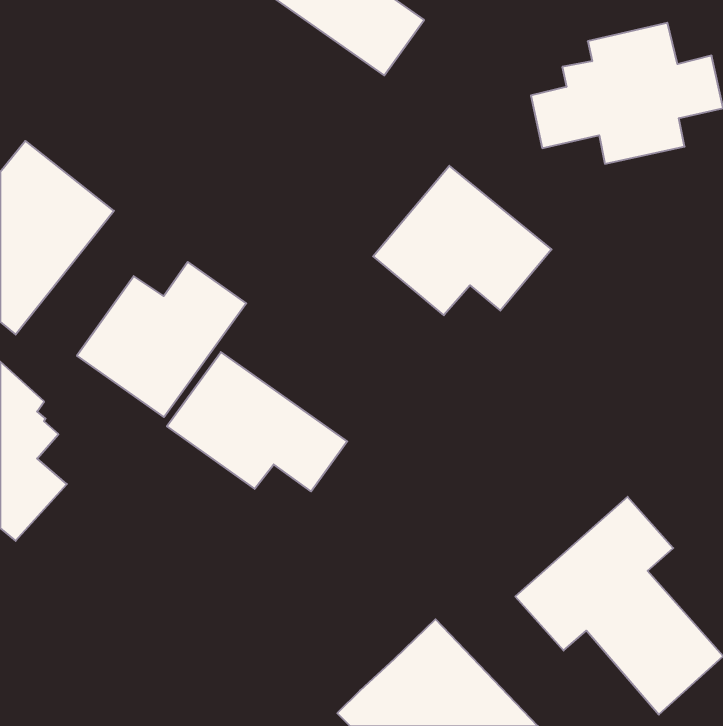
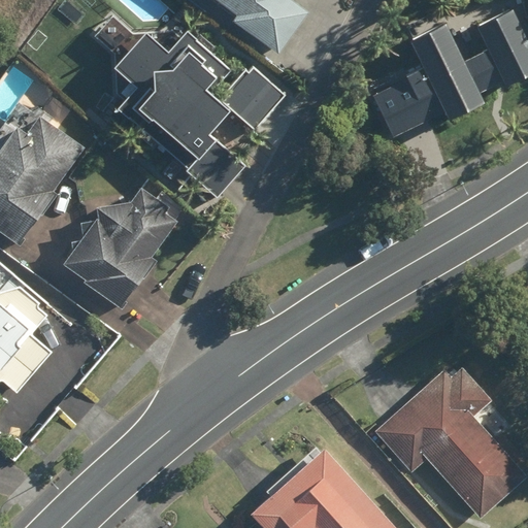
building: none -> [105,31,285,199]
building: [373,166,552,315] -> none
building: [167,352,347,491] -> none

